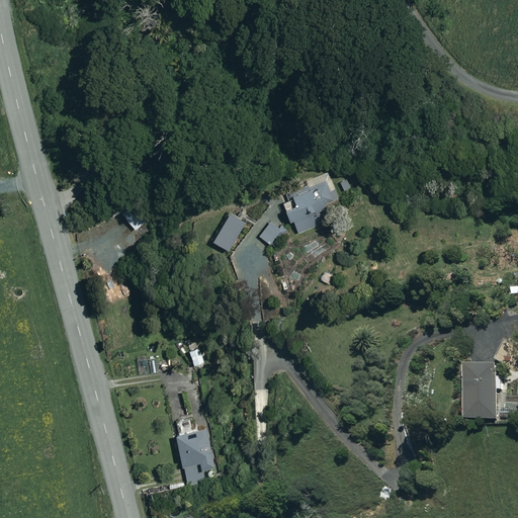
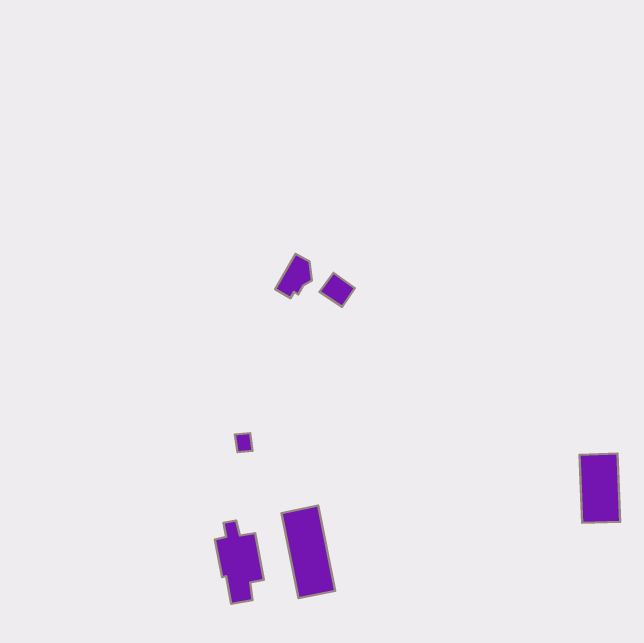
building: [276,173,336,234] -> none
building: none -> [281,506,335,598]

